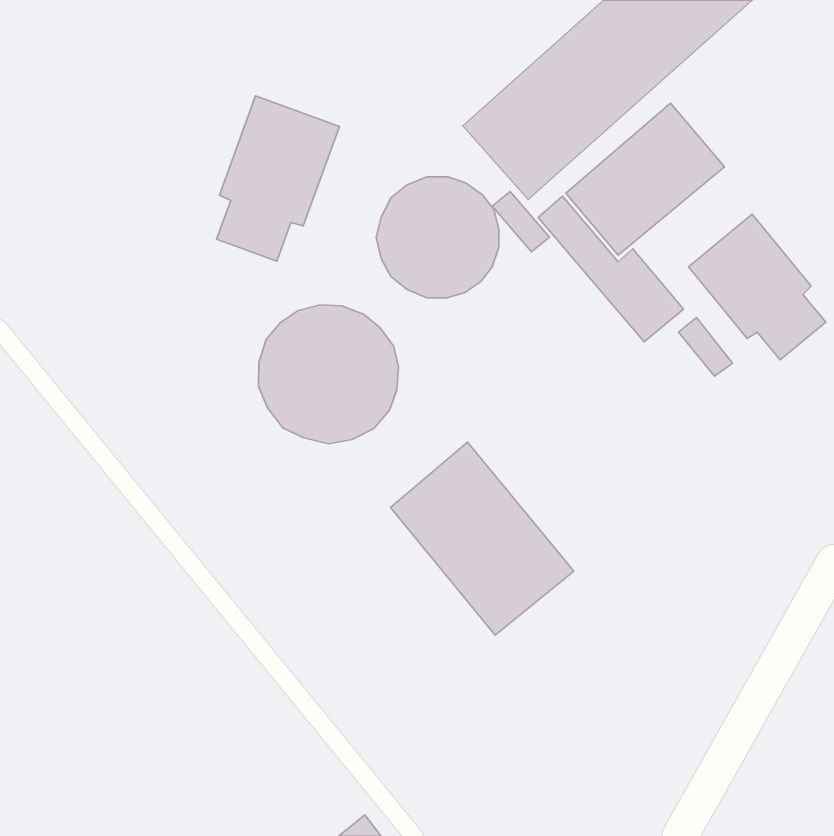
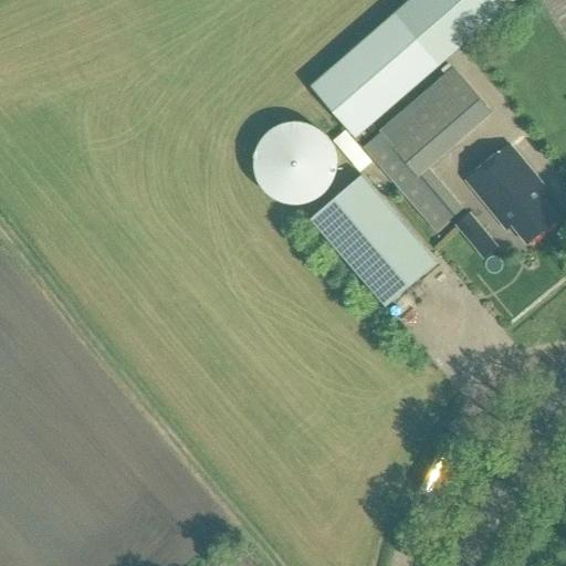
building: [217,96,339,261] -> none
building: [259,305,399,444] -> none
building: [391,442,574,635] -> [312,177,436,307]

